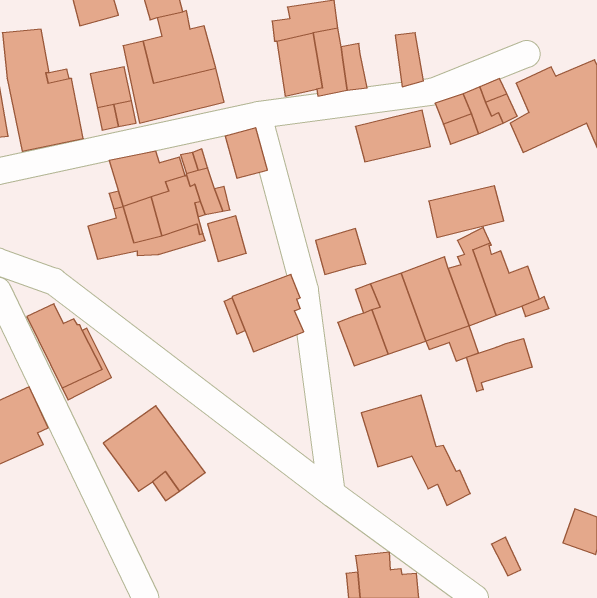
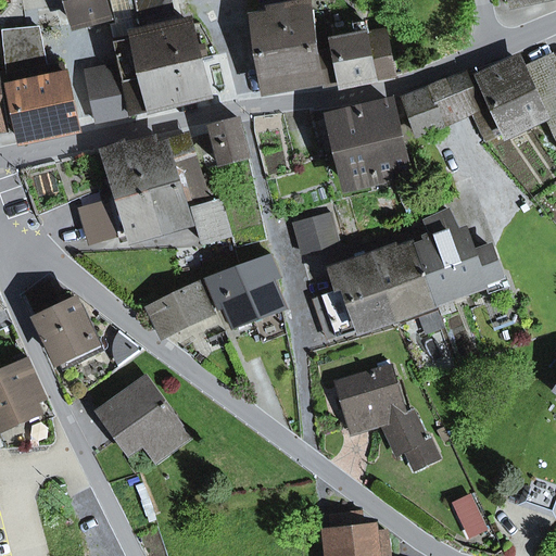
building: none -> [332,23,372,85]
building: [429,186,504,237] -> [338,136,407,184]
building: none -> [147,285,208,333]
building: [467,339,532,392] -> none

